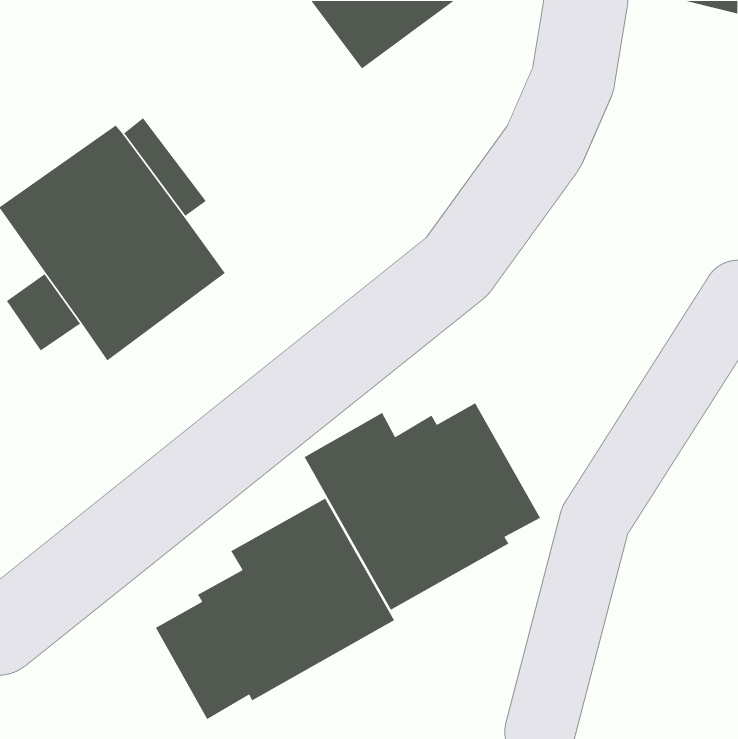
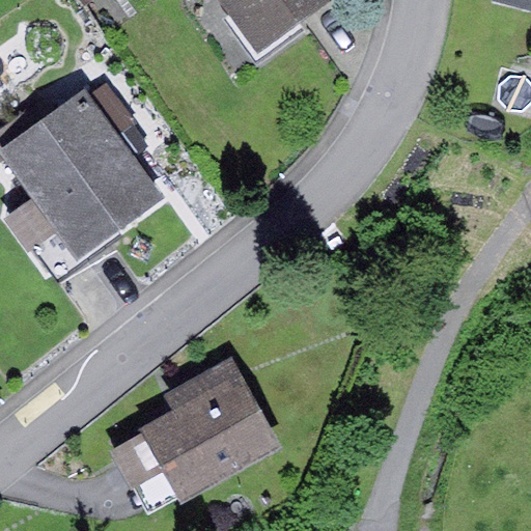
building: [303,402,541,611] -> none

